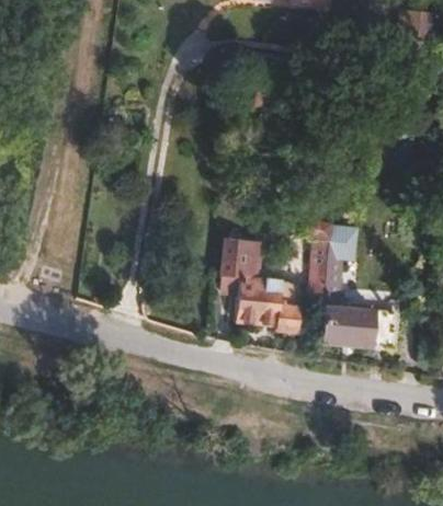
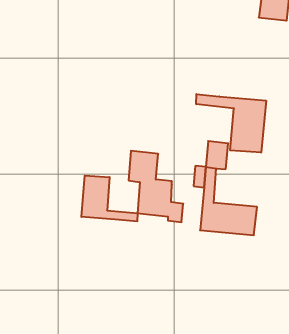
building: none -> [196,94,266,153]
building: none -> [81,176,137,221]

